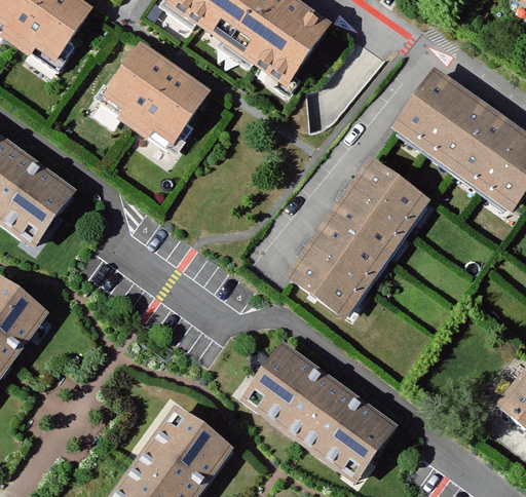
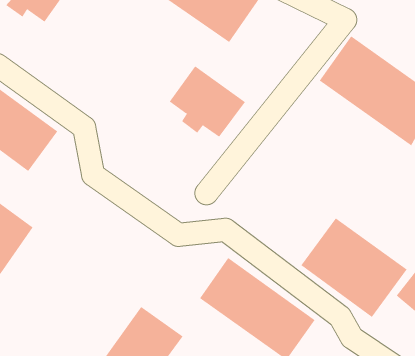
building: [110,48,206,139] -> [169,65,246,138]
building: [287,157,427,315] -> none
building: none -> [301,217,408,318]

